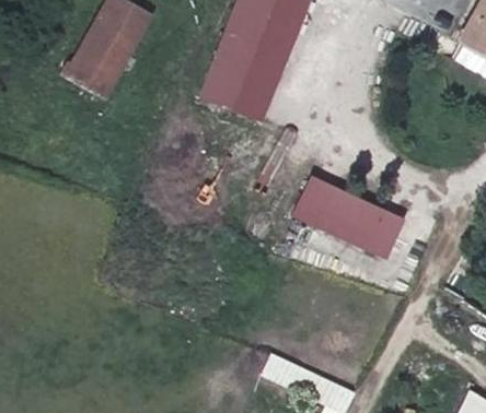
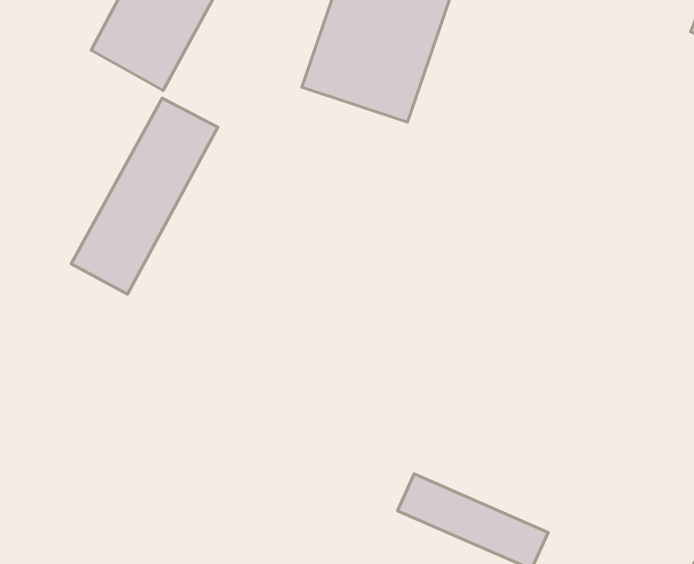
building: none -> [71,98,218,294]
building: [291,174,407,259] -> none

